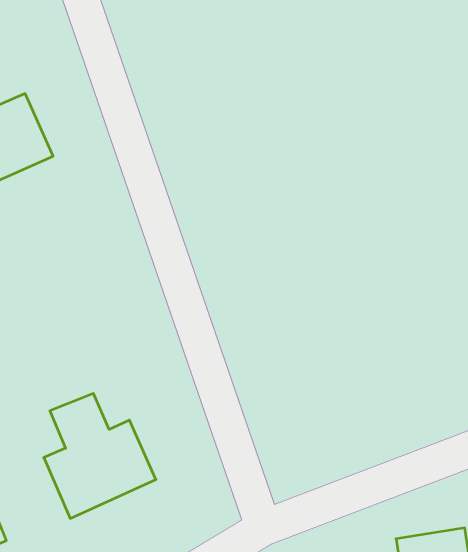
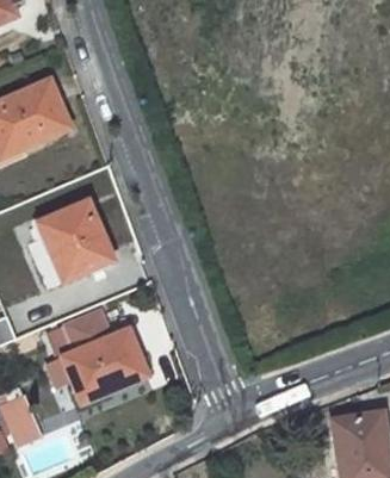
building: none -> [36,200,112,281]

